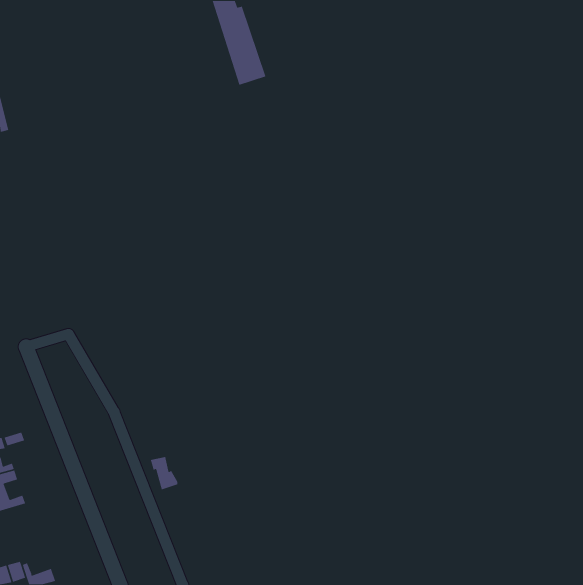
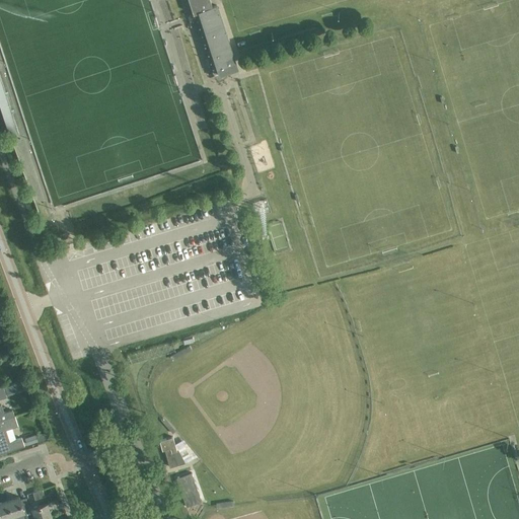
building: [150,456,178,491] -> [158,437,183,467]
building: none -> [175,472,200,506]

